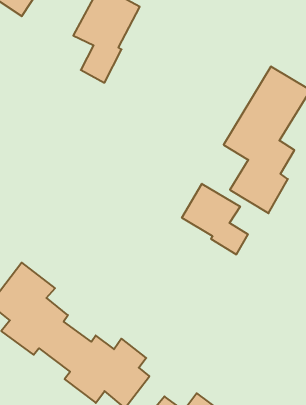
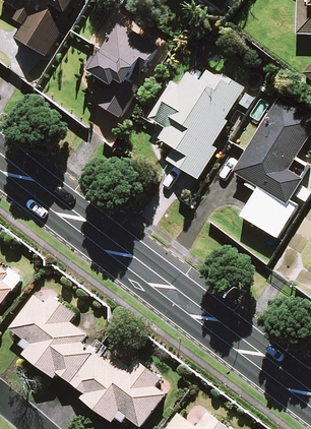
building: none -> [142,70,240,180]
building: [182,184,248,255] -> none

